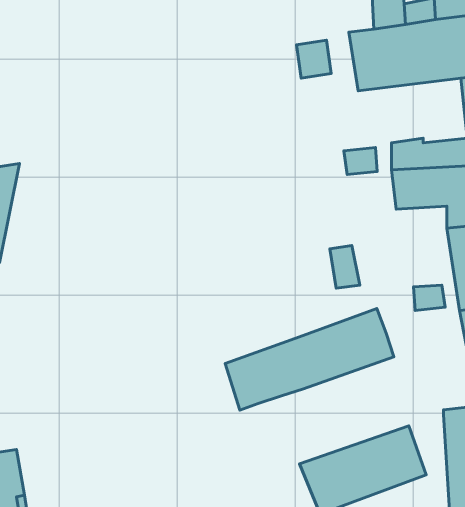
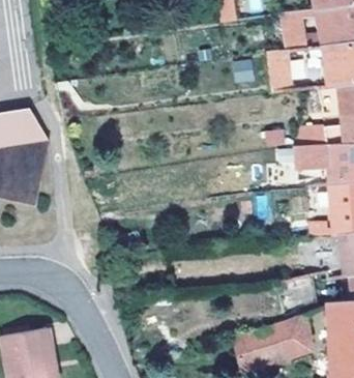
building: [225,309,394,410] -> none

